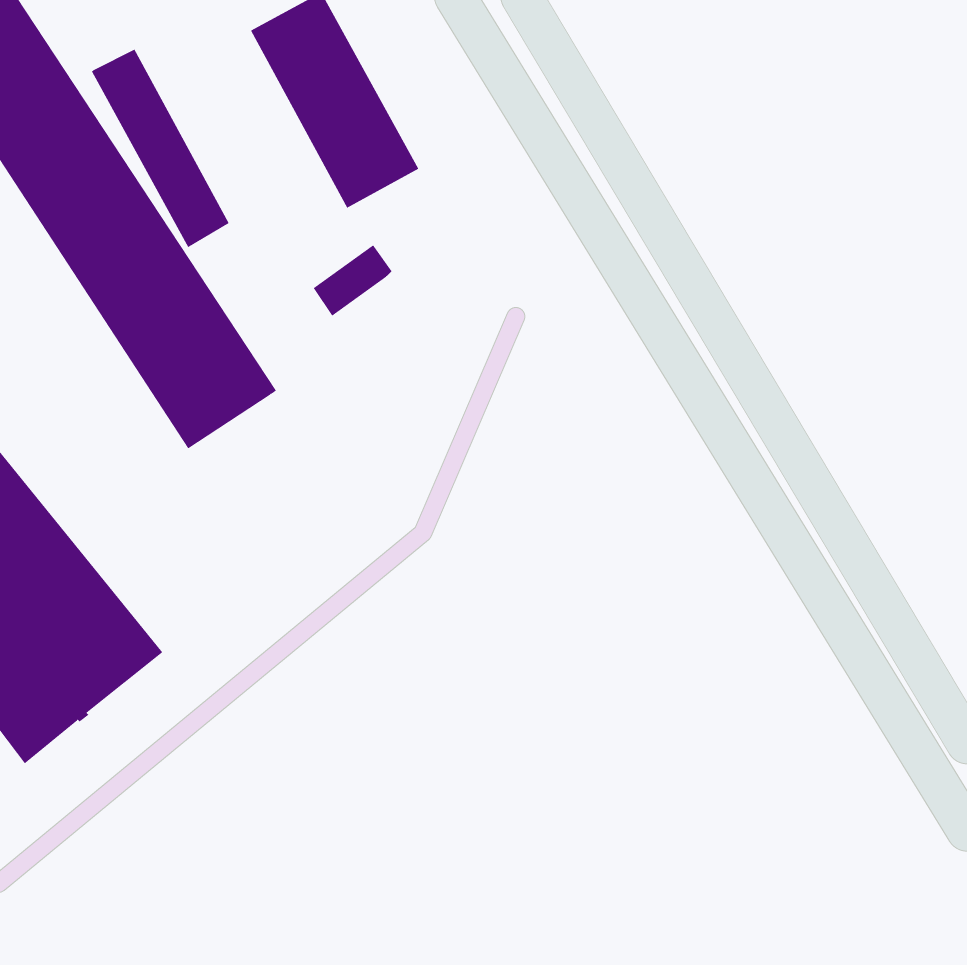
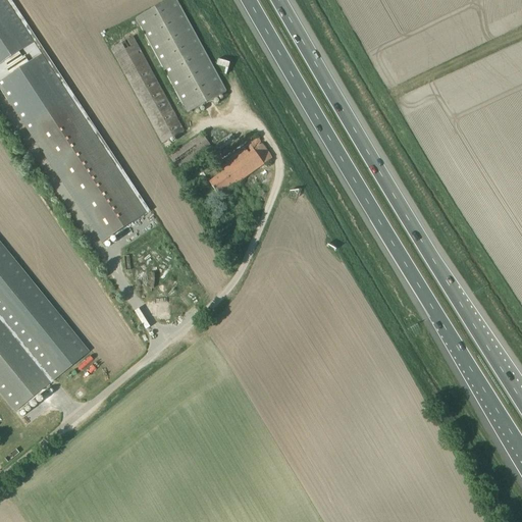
building: [91,49,230,248] -> [109,36,184,143]
building: none -> [208,136,271,195]

